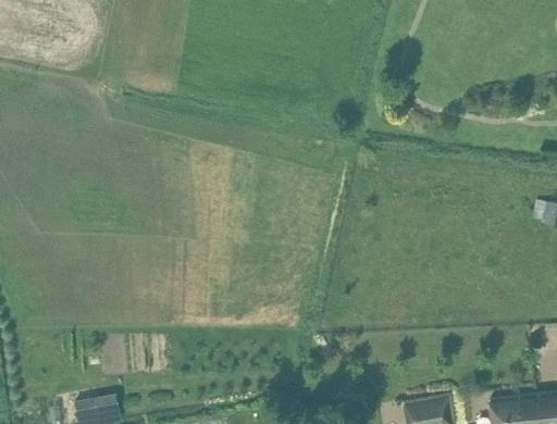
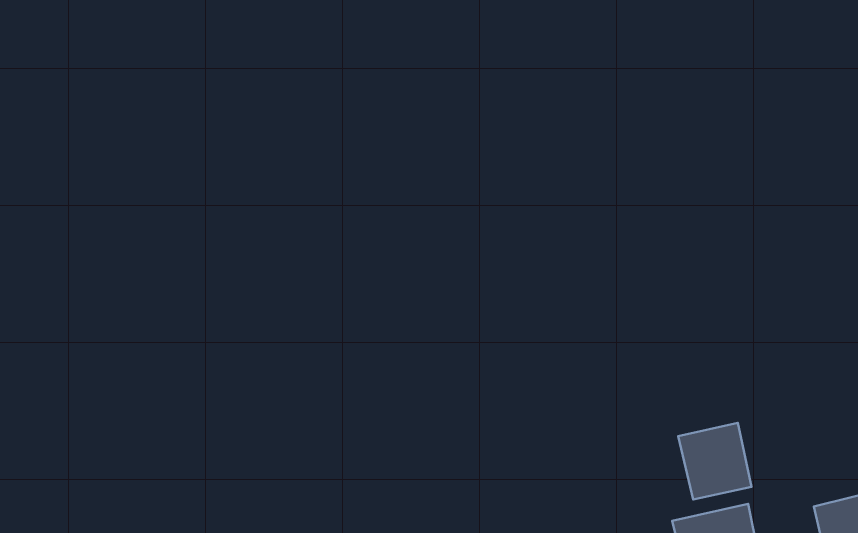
building: none -> [678,423,752,500]

